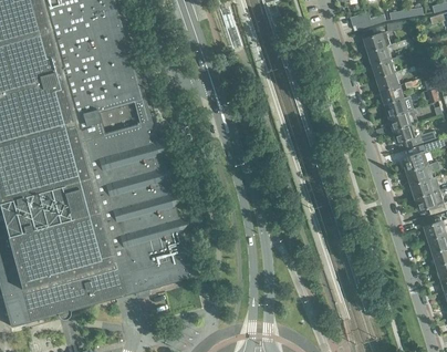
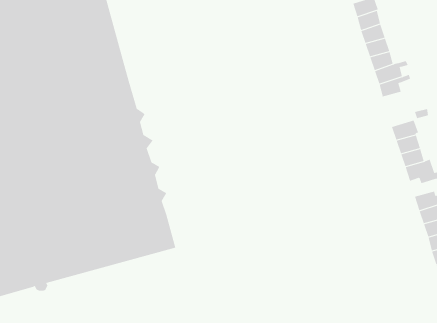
building: [393,122,436,147] -> none

